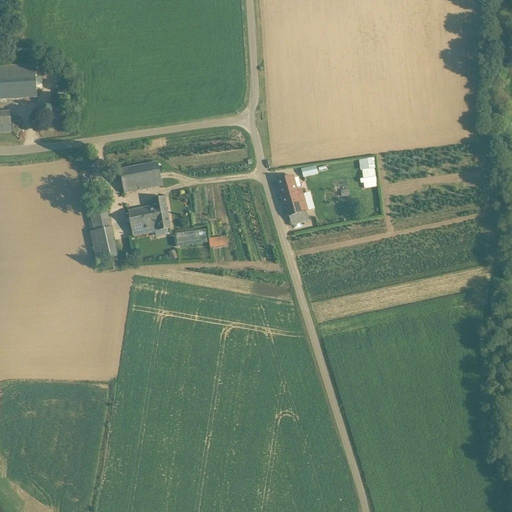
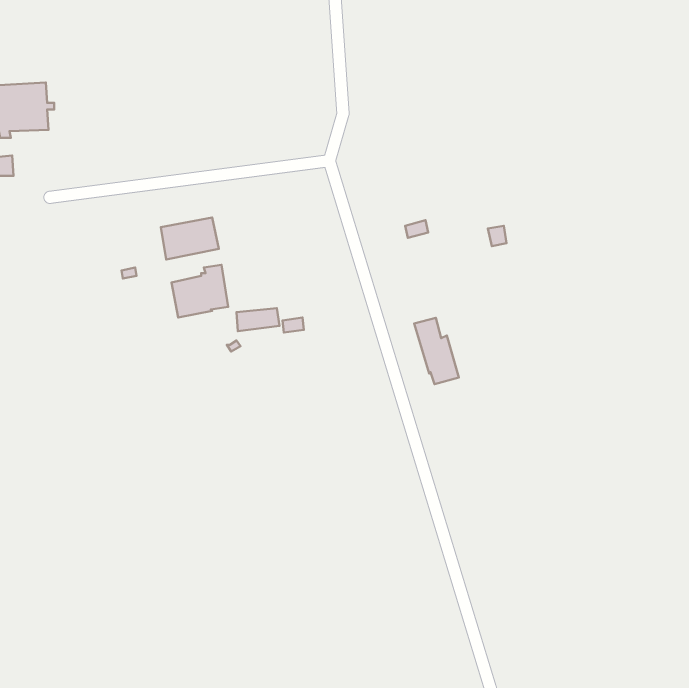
building: [276,174,309,223] -> [414,318,459,384]
building: [90,211,118,256] -> none

